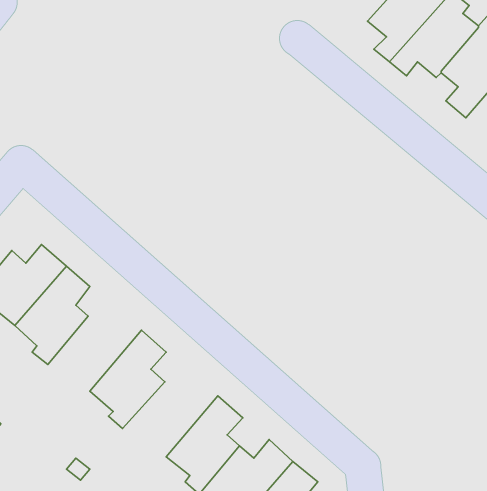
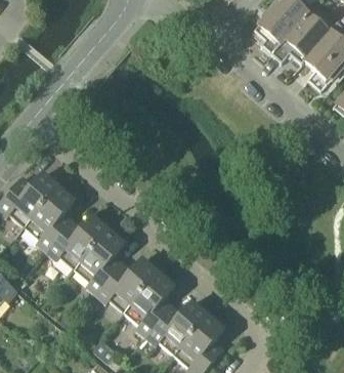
building: none -> [46,215,107,268]
building: none -> [95,258,158,312]

